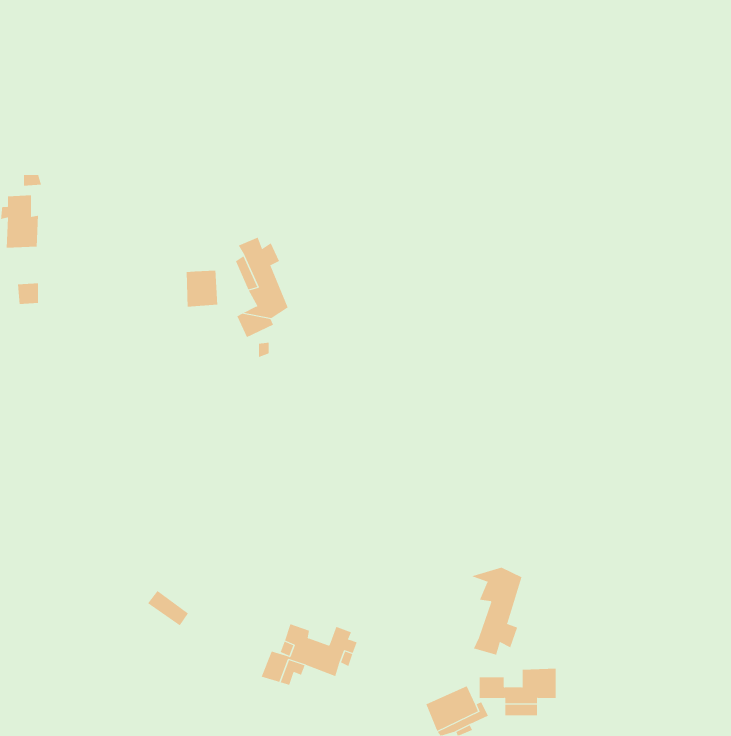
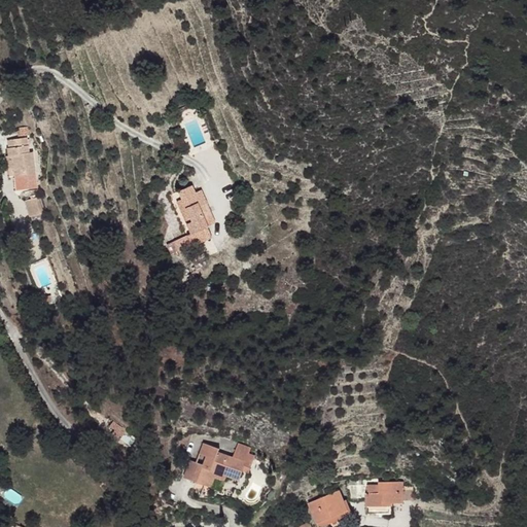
building: [186,270,218,308] -> none
building: [470,567,522,656] -> none

